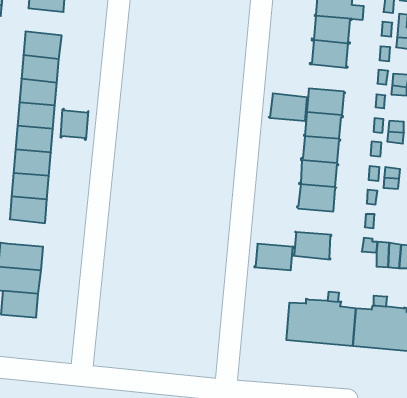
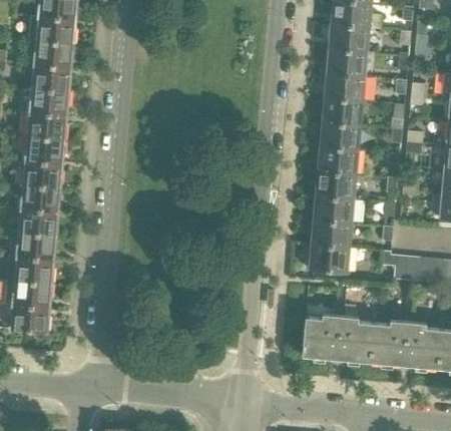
building: none -> [28,16,74,45]
building: [269,93,308,121] -> [324,74,364,102]
building: [60,109,88,140] -> none
building: none -> [17,233,55,261]
building: [254,244,294,270] -> [311,222,351,249]

